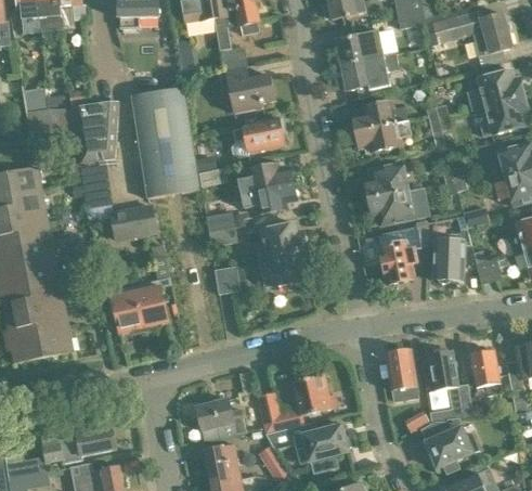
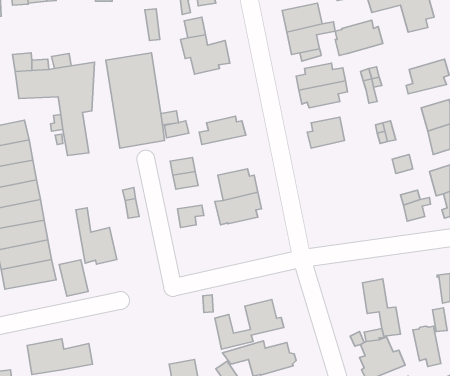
building: [468,68,523,109] -> [335,20,383,56]
building: [230,117,286,157] -> none
building: [242,183,296,214] -> none
building: [368,186,424,224] -> none
building: [112,206,156,238] -> none
building: [377,224,426,283] -> none
building: [433,234,470,283] -> none
building: [134,285,168,327] -> [59,260,88,296]
building: [386,349,417,401] -> none
building: [469,349,502,396] -> [413,326,441,366]
building: [195,399,245,440] -> none

